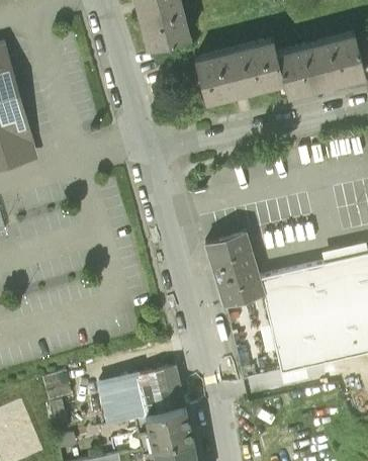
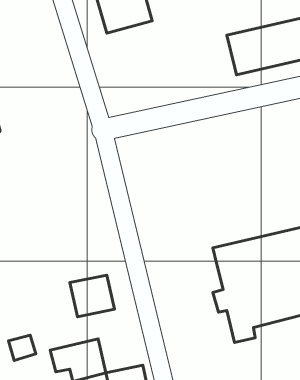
building: [202,39,283,101] -> none
building: [208,232,264,305] -> none
building: [137,368,185,412] -> [70,275,114,317]

